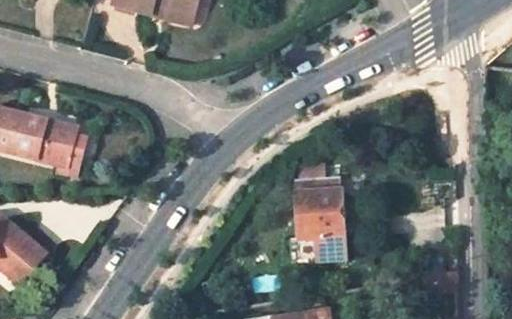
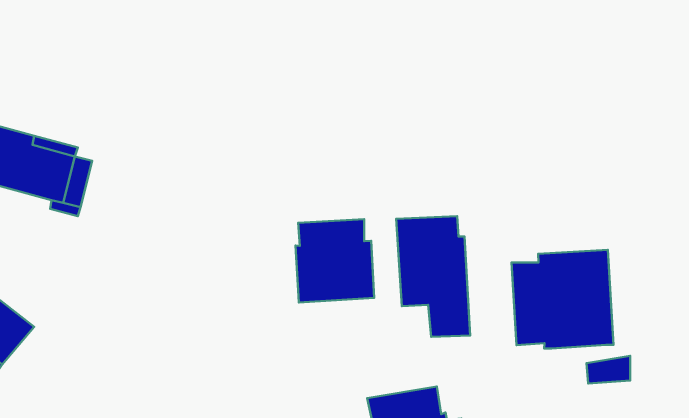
building: none -> [296,219,374,302]
building: none -> [512,250,614,349]

